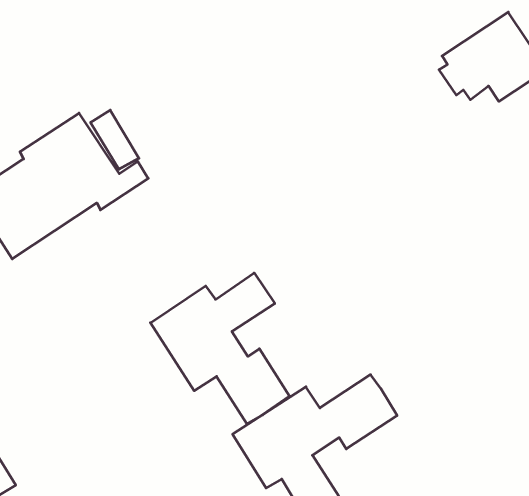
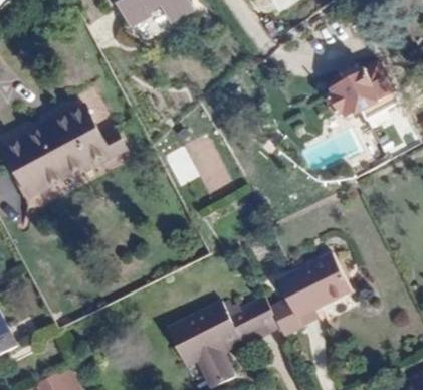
building: [150,273,290,424] -> none
building: none -> [269,253,350,336]

